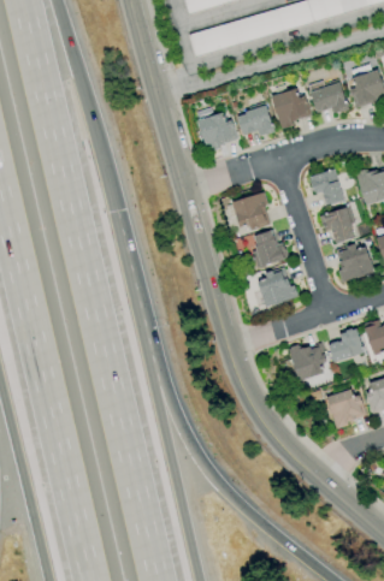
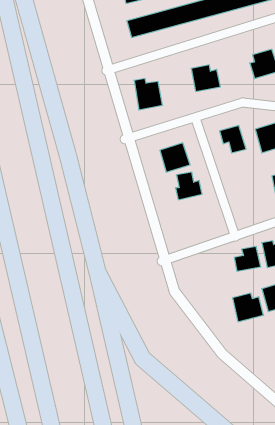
building: [308,81,348,114] -> none
building: [236,106,274,136] -> none
building: [320,207,356,243] -> none
building: [333,245,374,283] -> none
building: [255,267,294,307] -> none
building: [289,343,326,380] -> none

